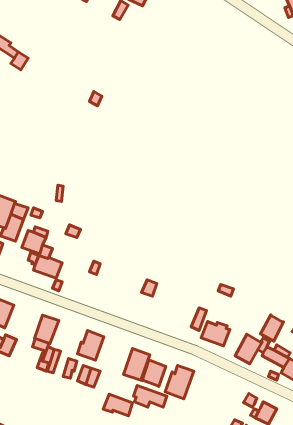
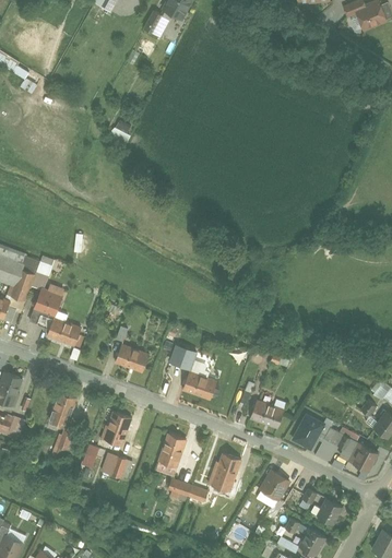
building: none -> [115,343,150,373]
building: none -> [182,370,217,400]
building: [261,315,283,341] -> none
building: [142,360,166,386] -> none
building: none -> [259,468,290,500]
building: [103,394,133,416] -> none

